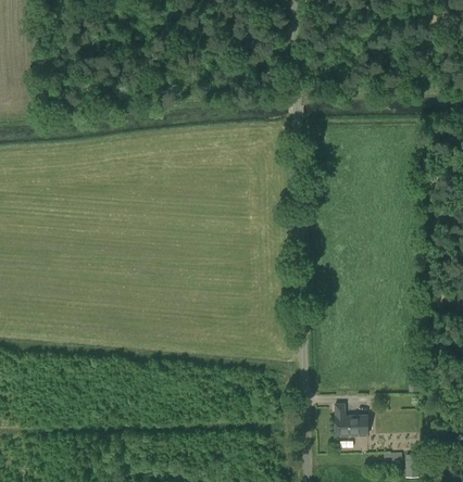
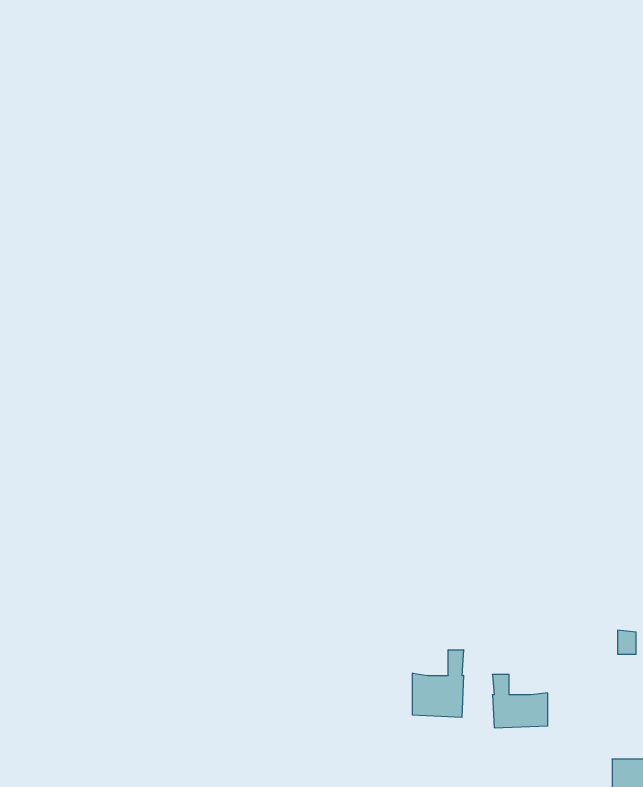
building: none -> [413,650,464,717]

